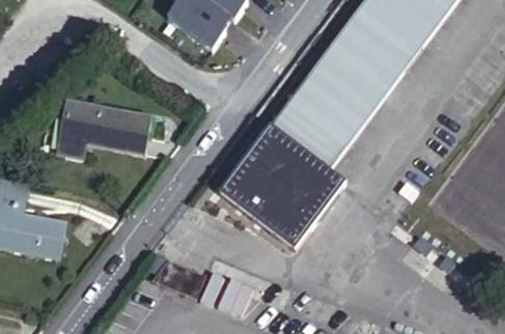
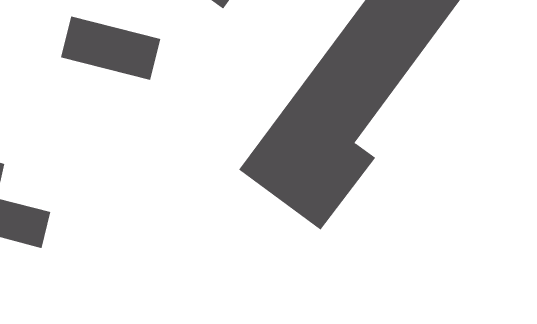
building: [57,101,148,159] -> [60,16,161,80]

